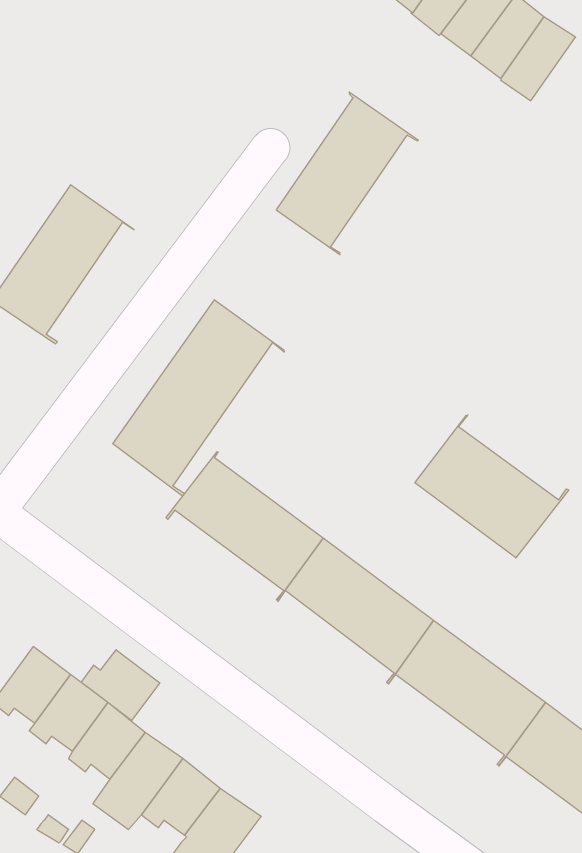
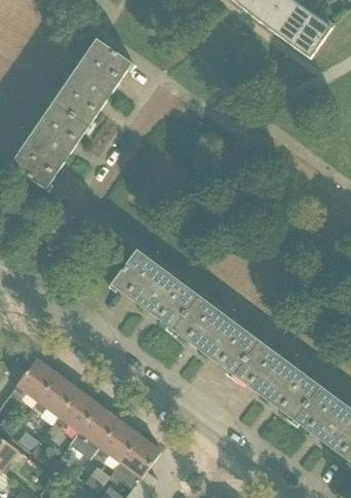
building: [276,92,418,255] -> [56,39,134,128]
building: [113,300,284,496] -> none
building: [415,415,569,558] -> none
building: [81,650,160,721] -> none

